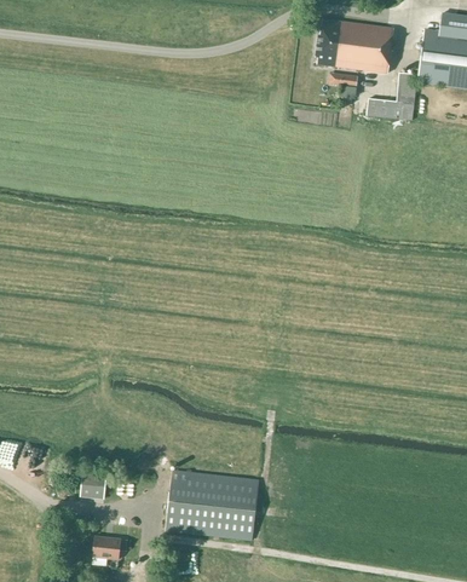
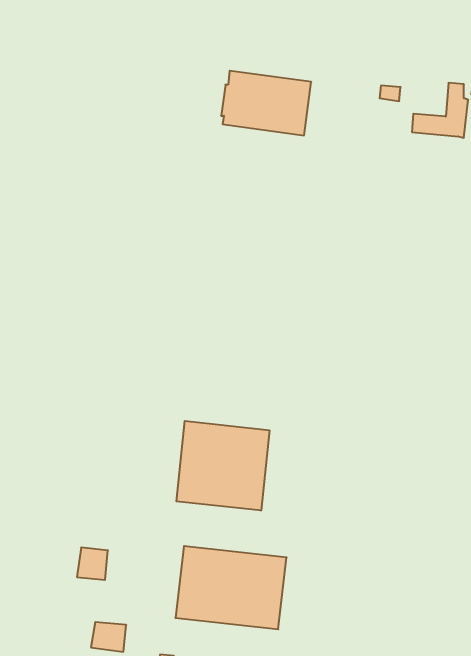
building: [317,17,394,73] -> [221,71,311,135]
building: none -> [176,421,269,511]

